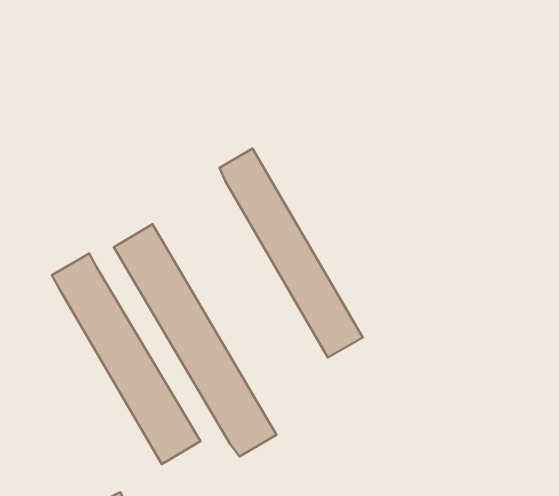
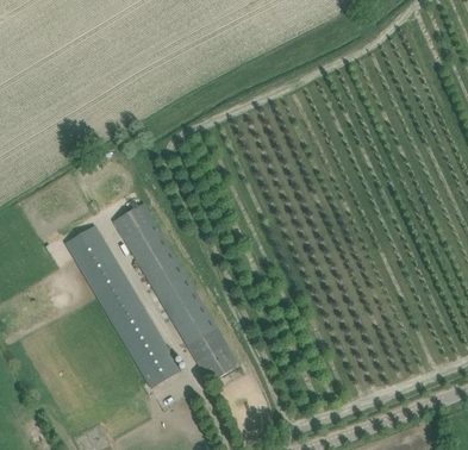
building: [219,149,363,358] -> none

